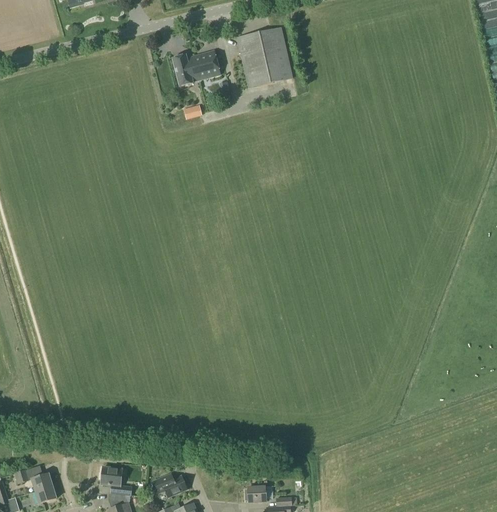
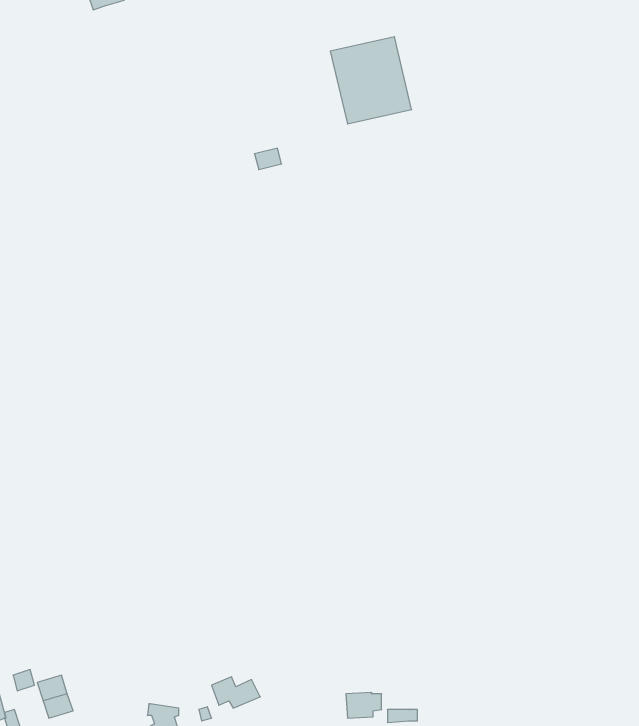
building: [172,50,221,86] -> none
building: [100,466,132,496] -> none

